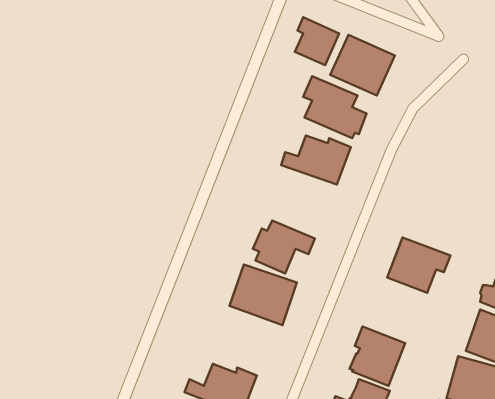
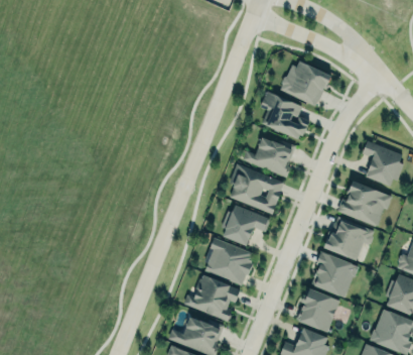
building: [295,17,339,65] -> none
building: none -> [363,140,404,186]
building: none -> [228,165,285,214]
building: none -> [339,181,390,227]
building: none -> [312,251,360,299]
building: none -> [183,274,241,321]

